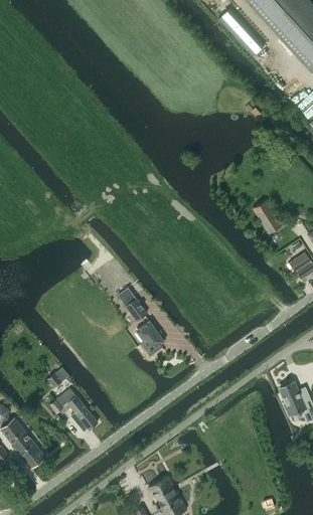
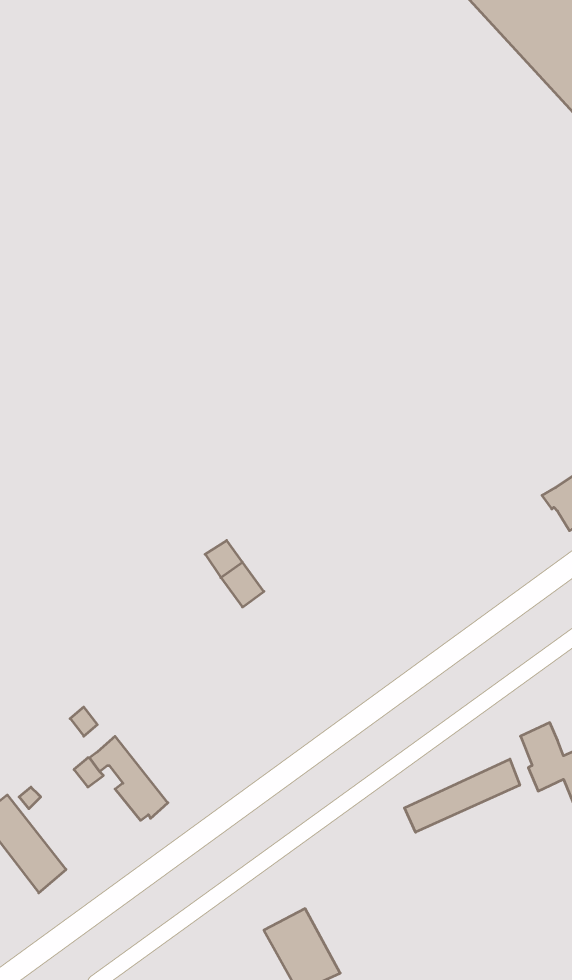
building: [253,199,282,233] -> none
building: [136,321,163,354] -> none
building: none -> [404,759,520,832]

